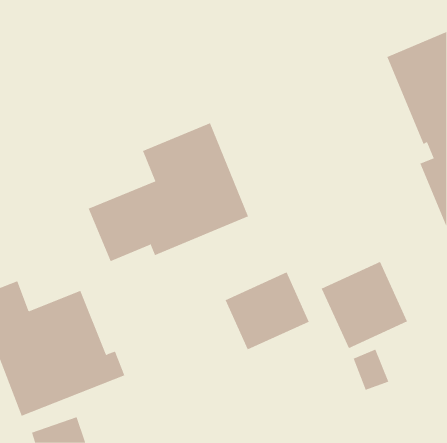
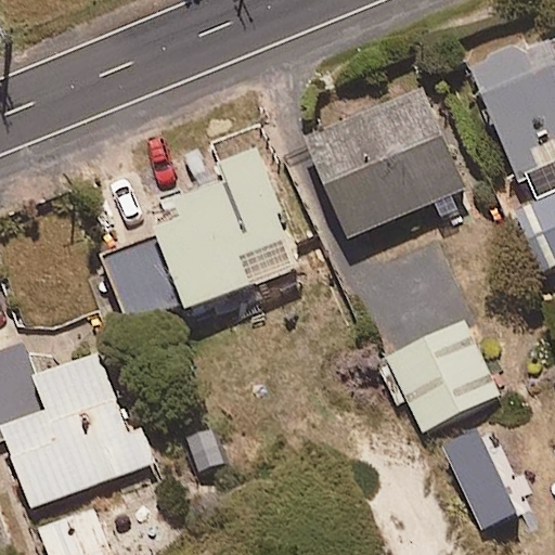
building: none -> [308,89,465,237]
building: [225,272,309,350] -> none

